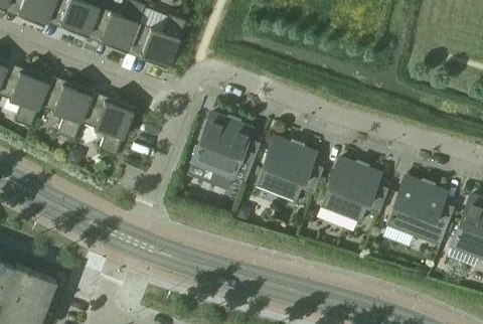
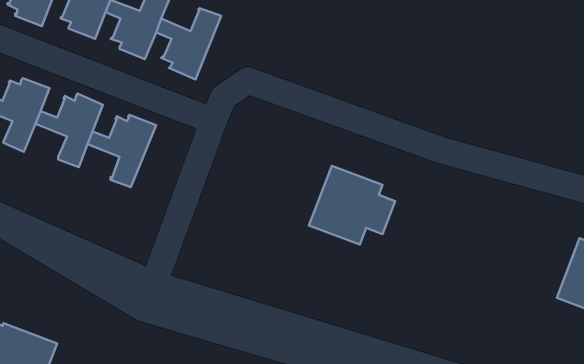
building: [192,113,261,181] -> none
building: [320,158,388,221] -> none
building: [386,177,454,245] -> none

